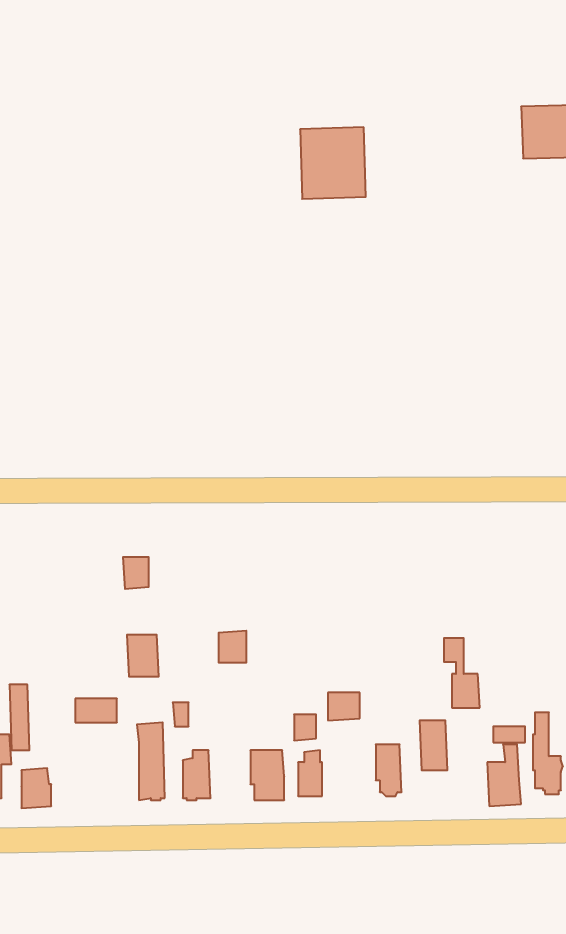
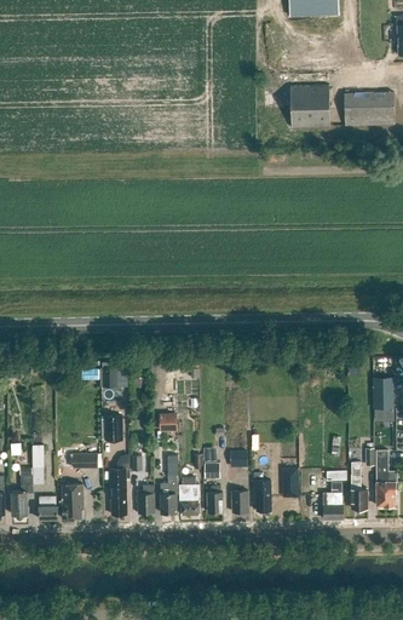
building: [300,127,366,199] -> [290,84,330,127]
building: [444,638,480,708] -> [228,469,249,511]
building: none -> [161,473,179,513]
building: none -> [62,481,84,519]

